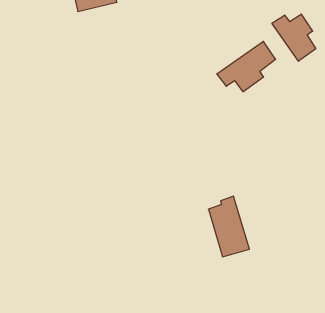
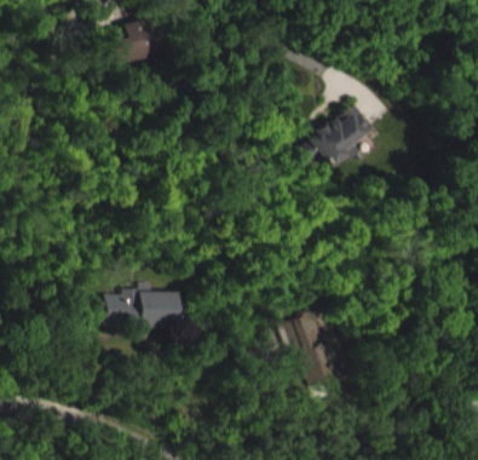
building: [272,14,316,61] -> none
building: none -> [108,282,179,327]

